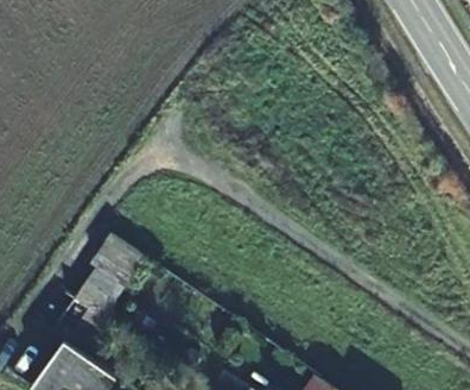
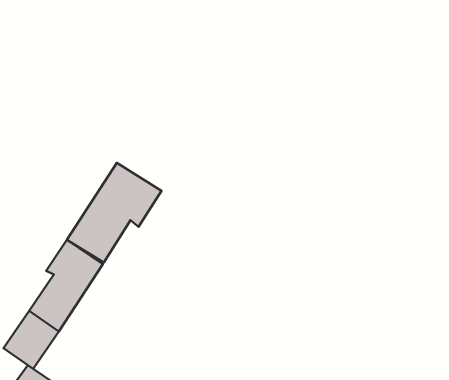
building: none -> [67,163,162,263]

